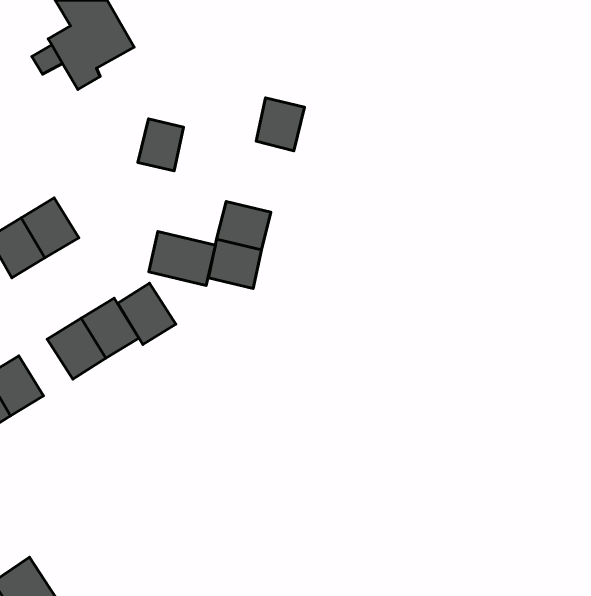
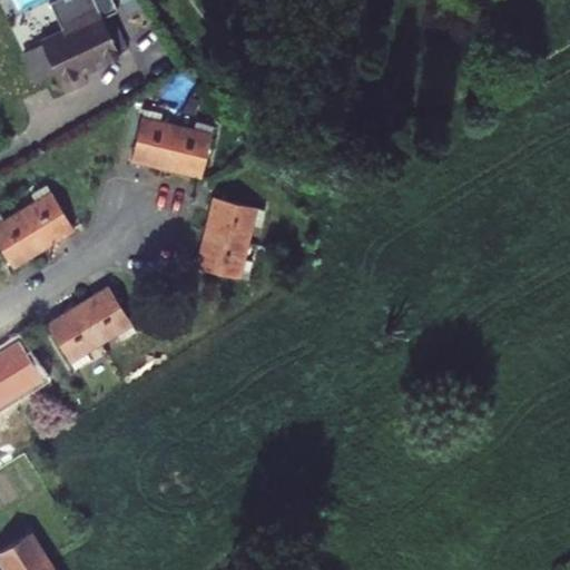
building: [256,98,304,151] -> [165,126,210,176]
building: [149,231,215,285] -> none
building: [118,283,176,345] -> none

